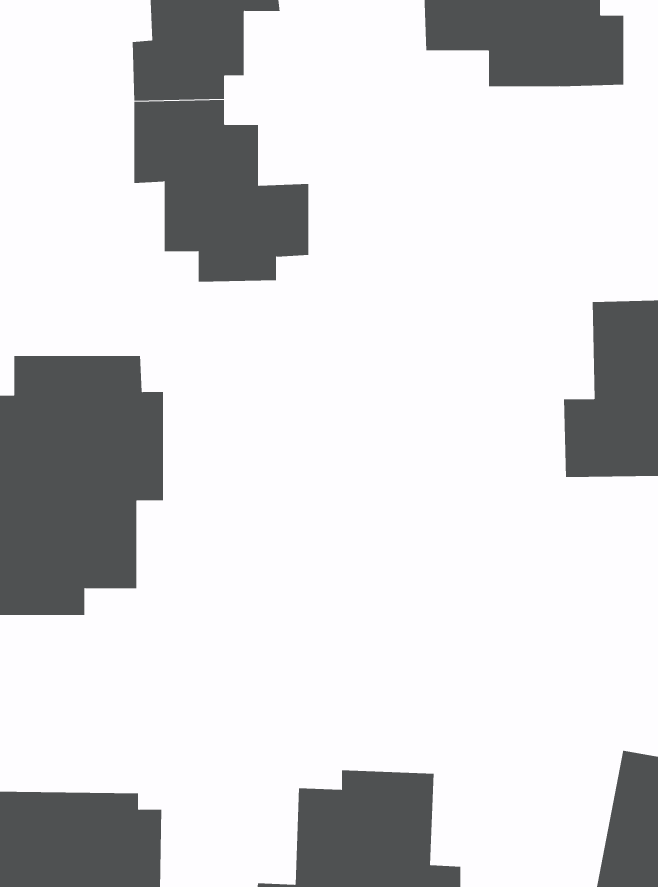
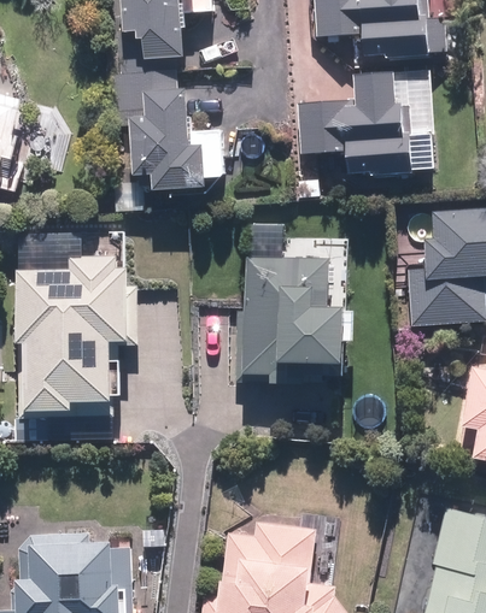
building: none -> [295,63,435,172]
building: none -> [232,226,353,384]

